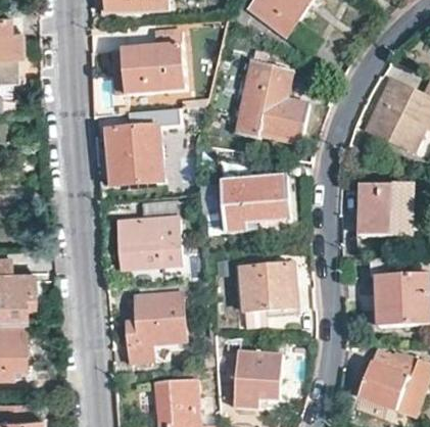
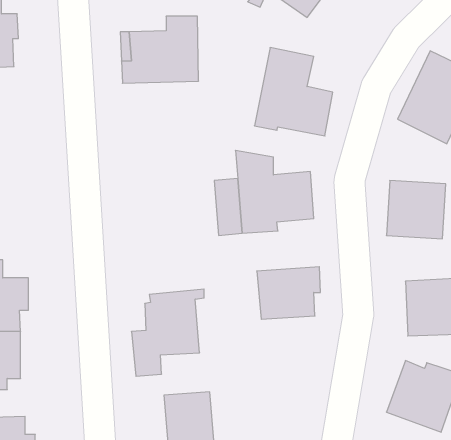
building: [105,125,164,186] -> none
building: [118,200,182,271] -> none
building: [233,350,282,410] -> none

